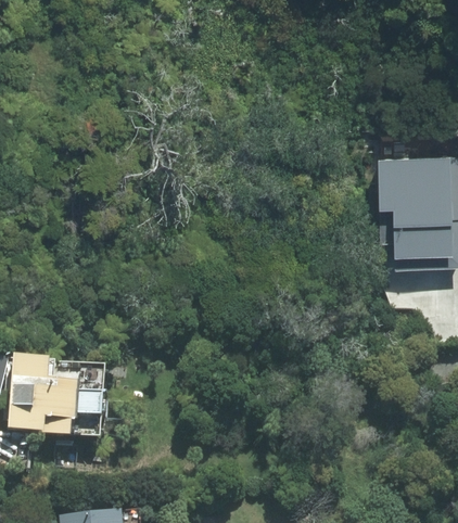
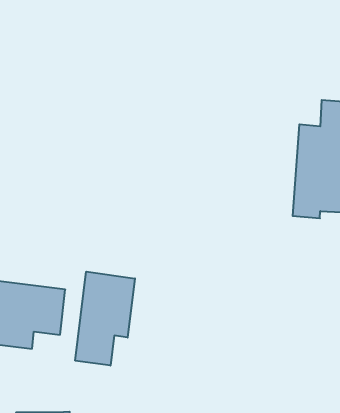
building: none -> [75,272,135,366]

